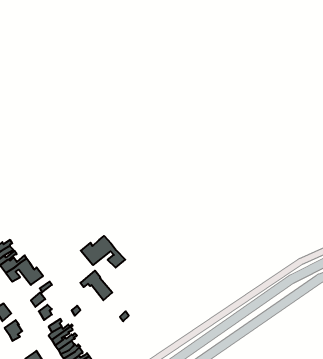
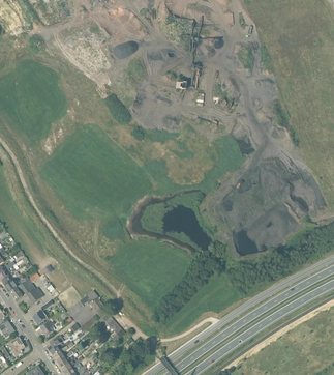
building: [81,236,125,268] -> none

